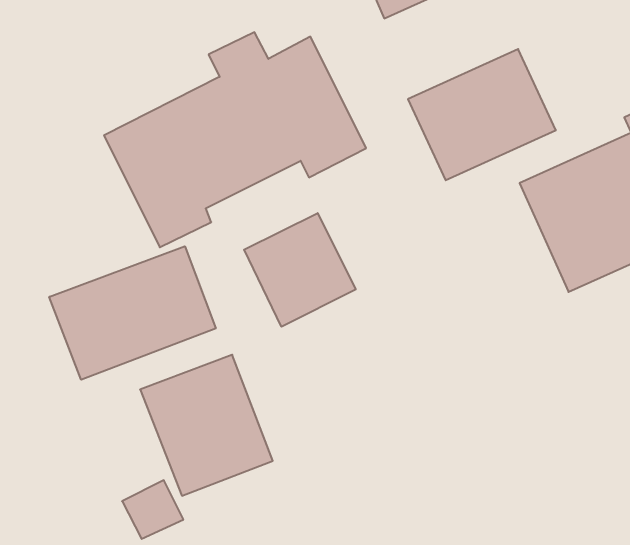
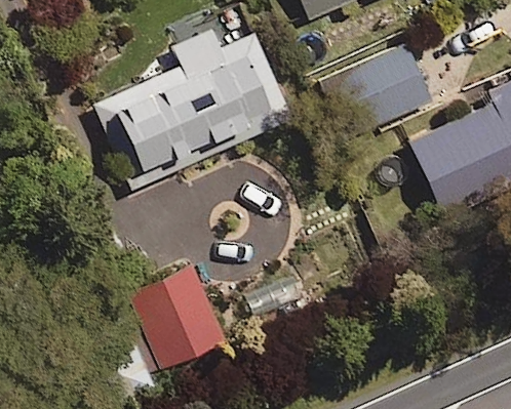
building: [244,213,356,327] -> none
building: [49,246,216,380] -> none

